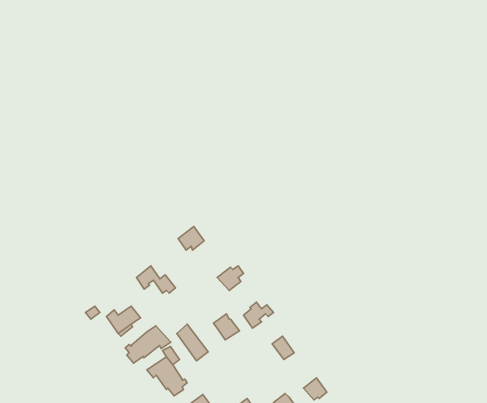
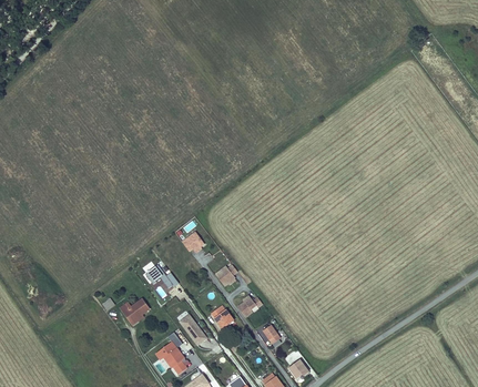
building: [125,326,171,363] -> none

